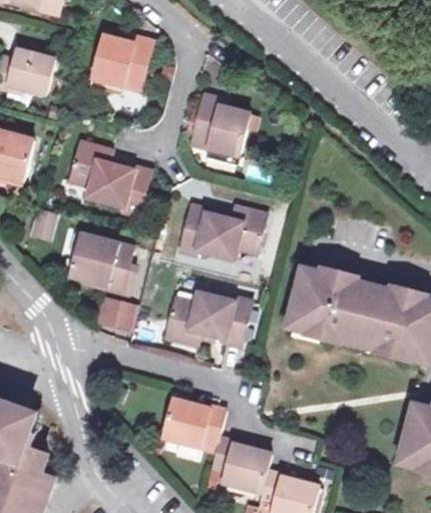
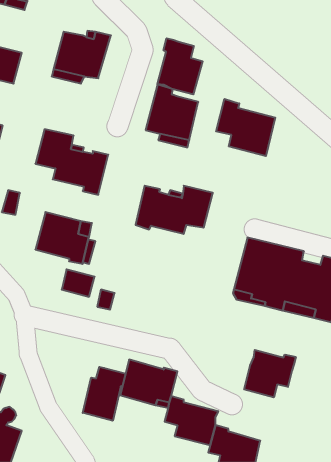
building: none -> [157,38,203,94]
building: none -> [216,99,275,156]
building: [165,293,252,345] -> none
building: none -> [244,350,296,397]
building: none -> [83,367,126,421]

